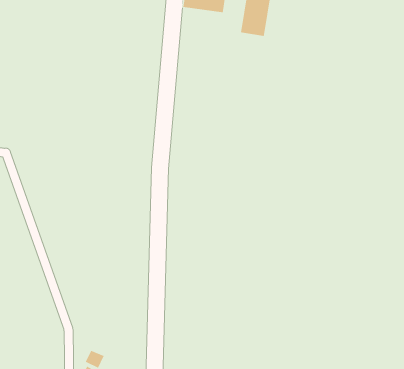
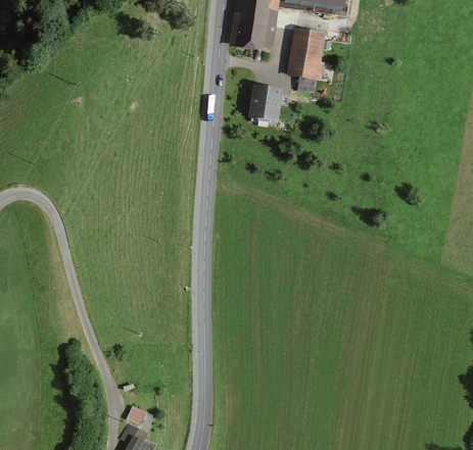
building: none -> [250,86,283,122]

